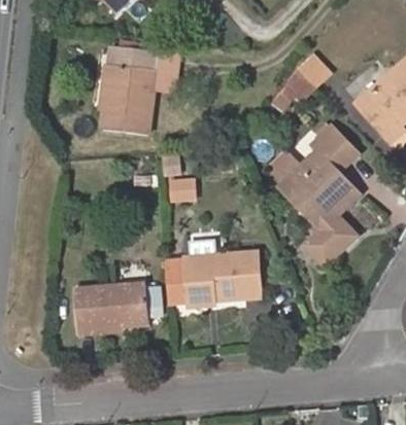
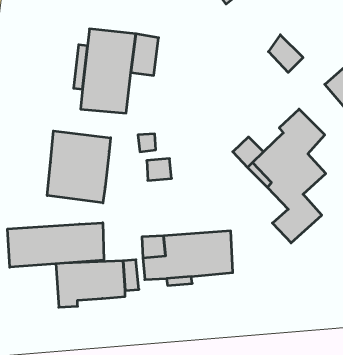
building: [271,67,318,112] -> none
building: none -> [47,131,111,203]
building: none -> [8,223,104,267]

